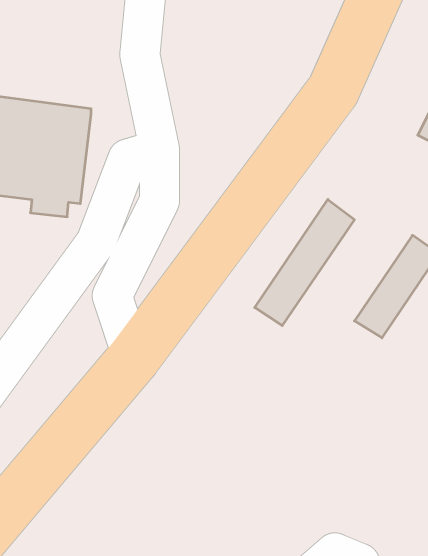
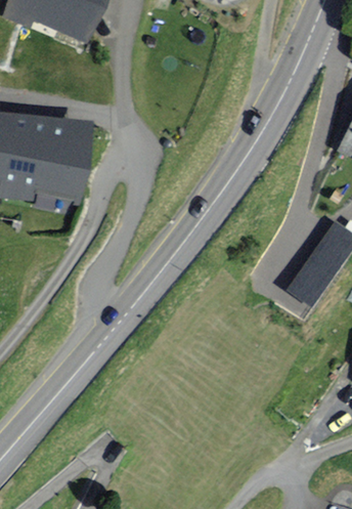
building: [255,199,354,326] -> none

